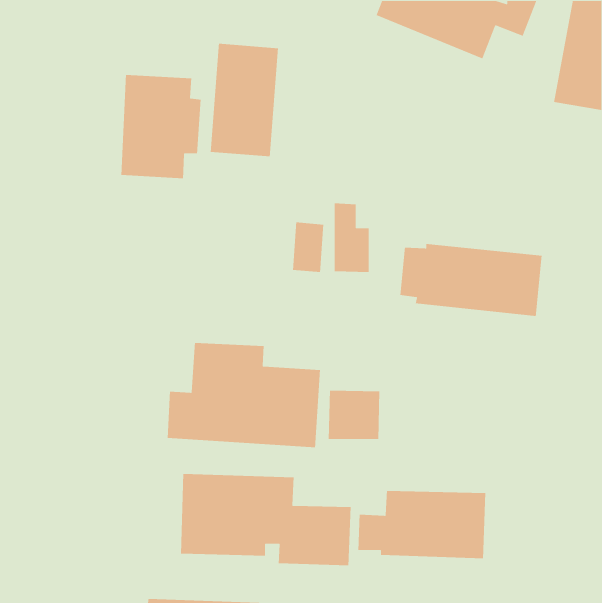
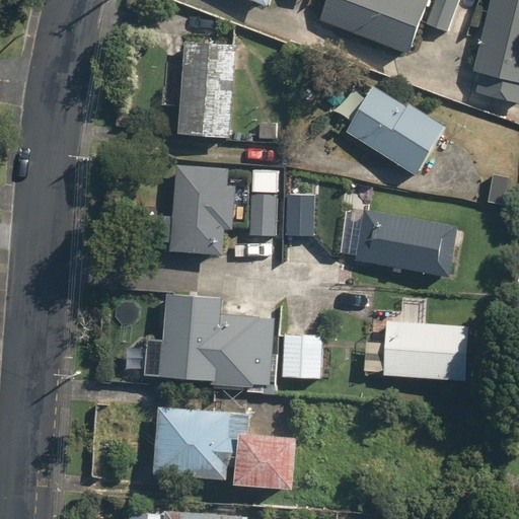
building: [121,74,202,179] -> [168,163,237,252]
building: none -> [333,85,446,176]
building: [357,490,486,559] -> [363,321,472,380]

